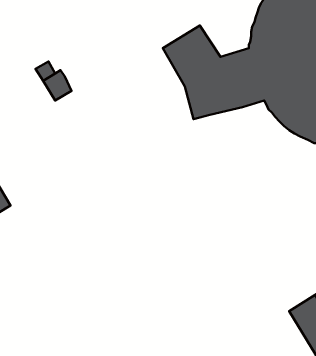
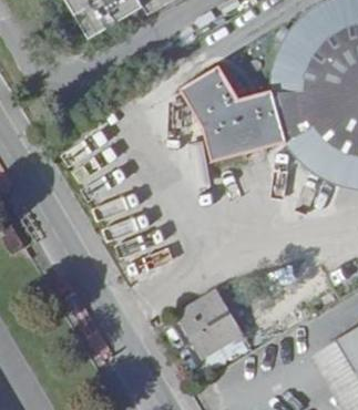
building: none -> [177,289,244,356]

